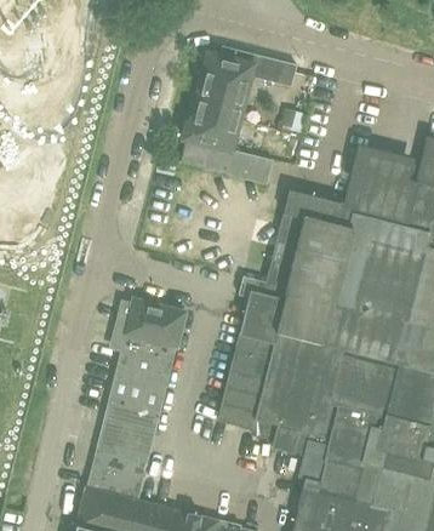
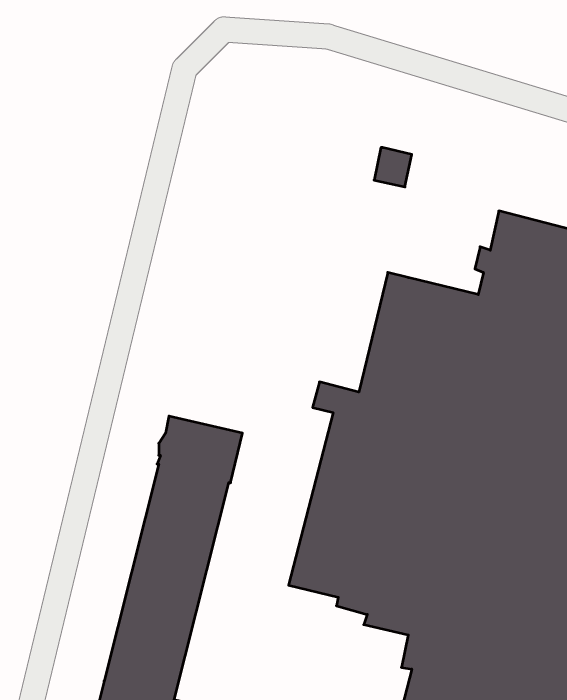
building: [179,46,297,185] -> none

